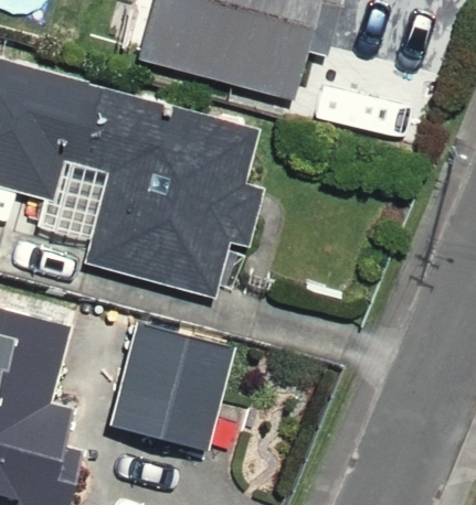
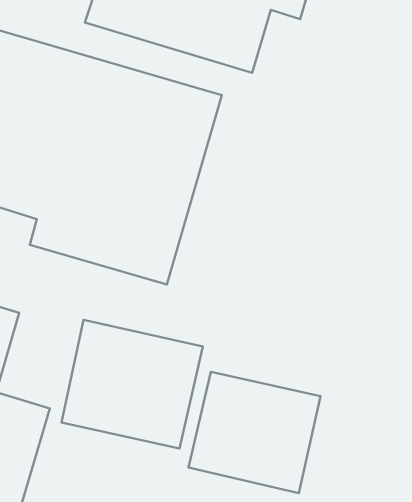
building: none -> [188,372,321,493]

